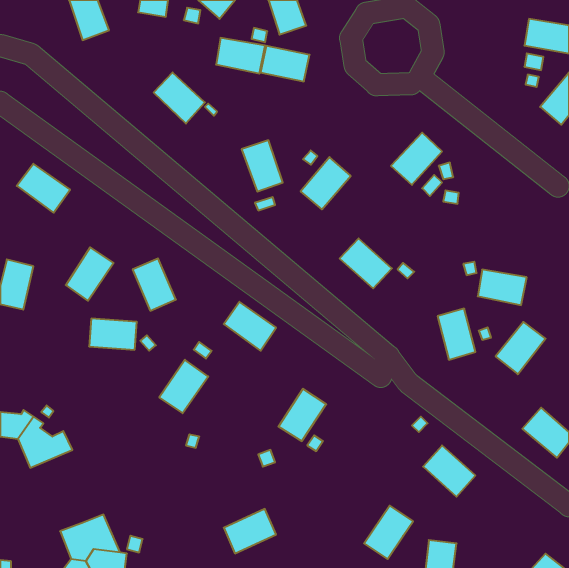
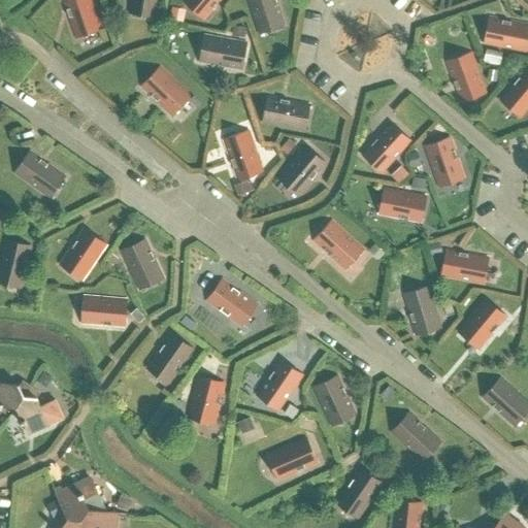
building: [261,46,310,81] -> [263,97,308,130]
building: none -> [447,53,486,101]
building: none -> [426,138,464,187]
building: none -> [380,189,426,222]
building: none -> [315,376,355,426]
building: none -> [188,377,223,424]
building: [224,509,276,553] -> [268,438,317,480]

